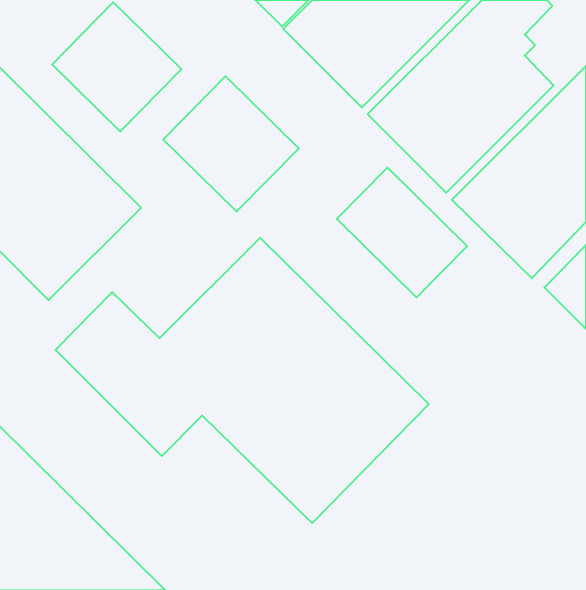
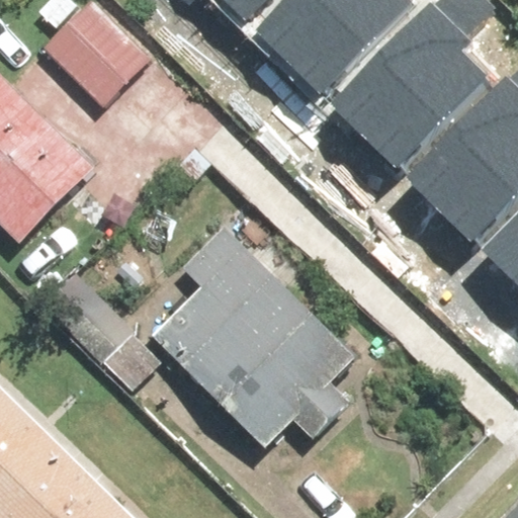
building: [163,76,299,212] -> none
building: [337,168,467,297] -> none

